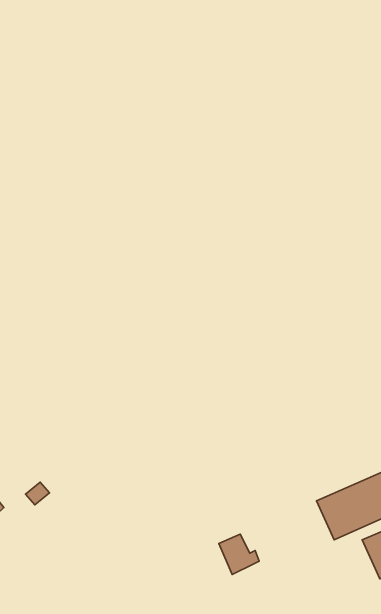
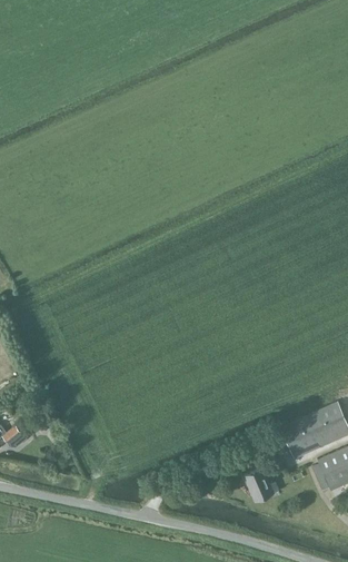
building: [219,534,259,575] -> [245,469,278,502]

